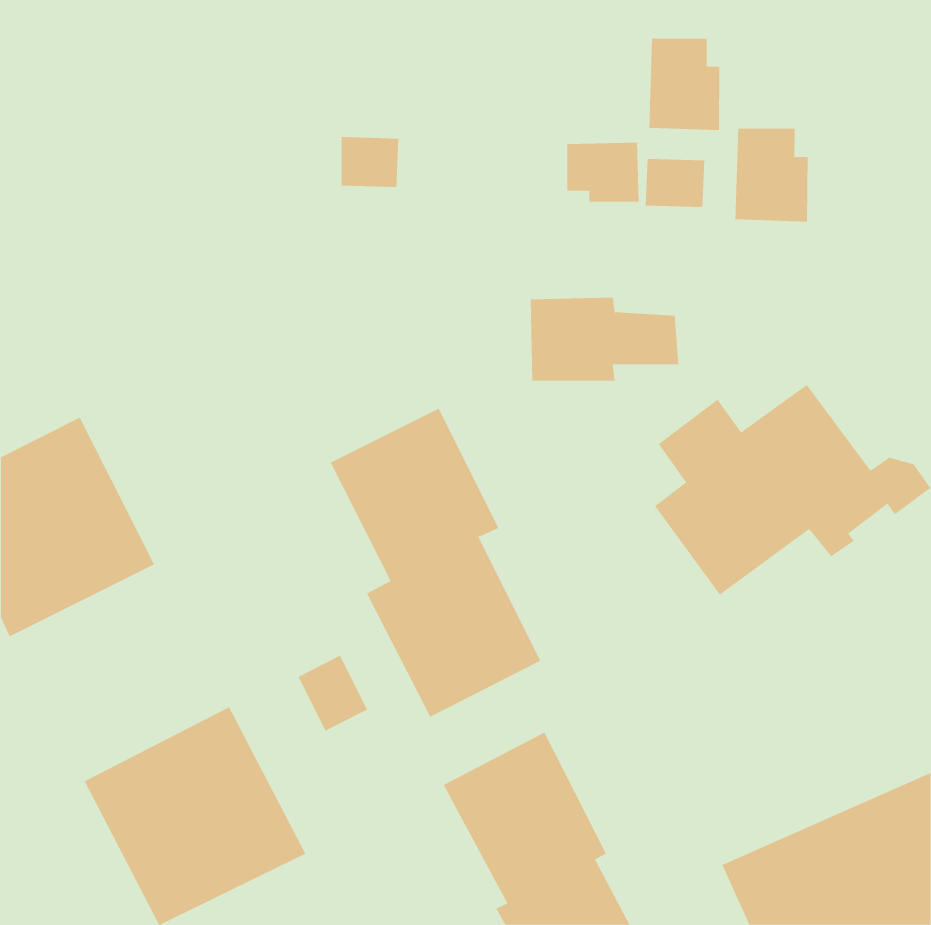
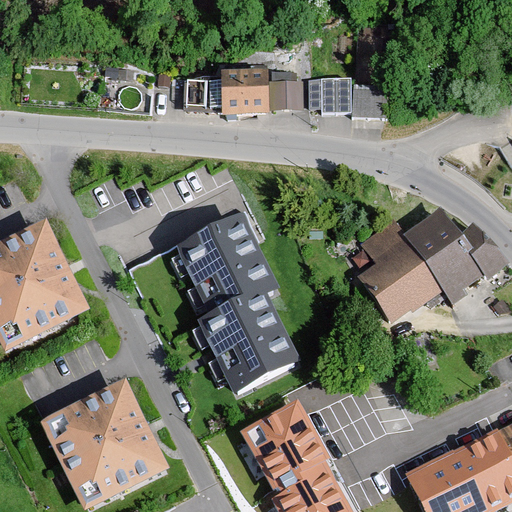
building: [649,38,720,131] -> none
building: [735,128,808,222] -> none
building: [530,297,679,381] -> [222,67,304,113]
building: [298,655,368,732] -> none

